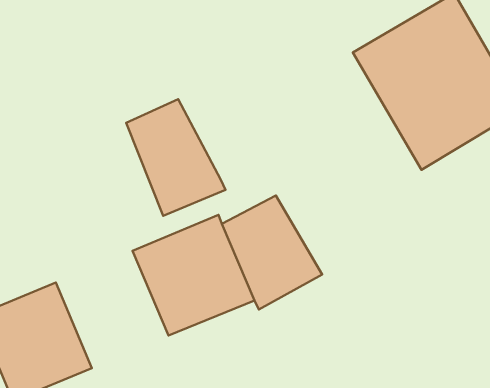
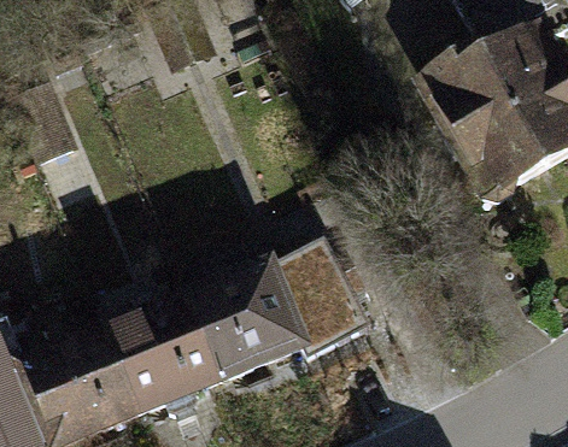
building: [126,99,225,216] -> none
building: none -> [88,296,209,422]

